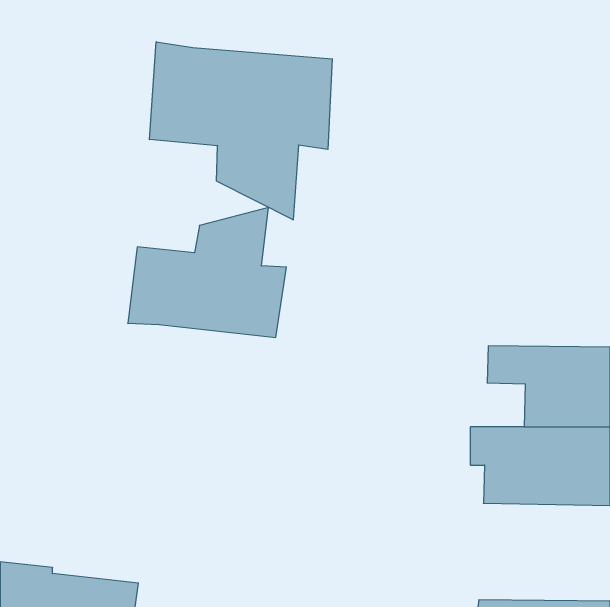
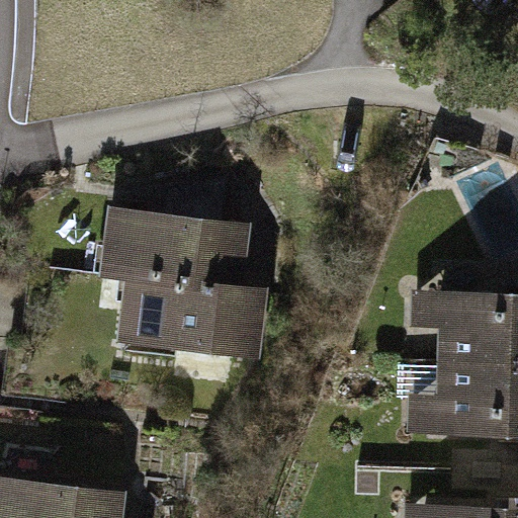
building: [149,42,332,220] -> none
building: none -> [127,277,259,352]

